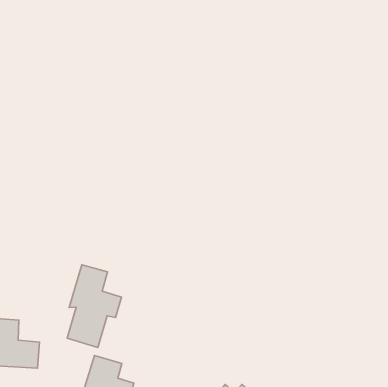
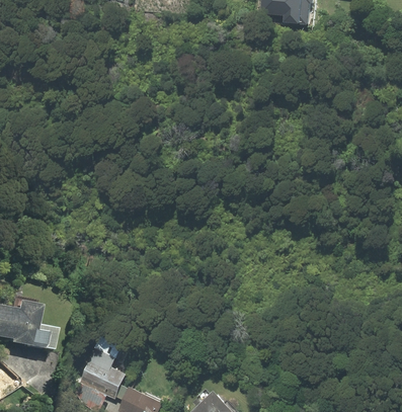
building: [67,265,121,348] -> none

